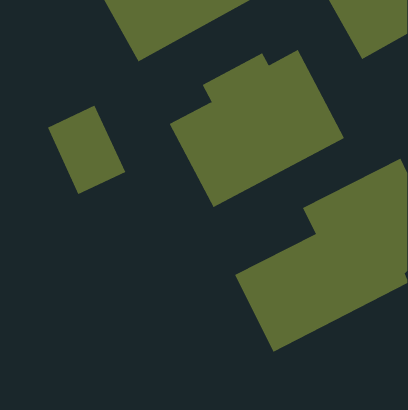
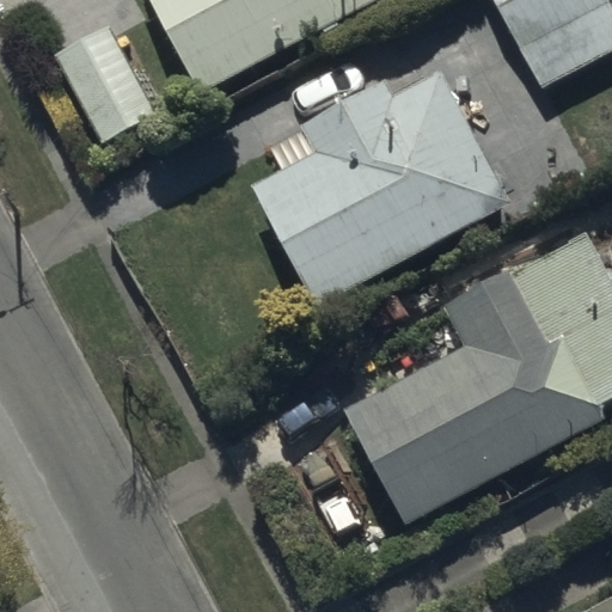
building: [47,105,126,195] -> [38,19,155,152]

